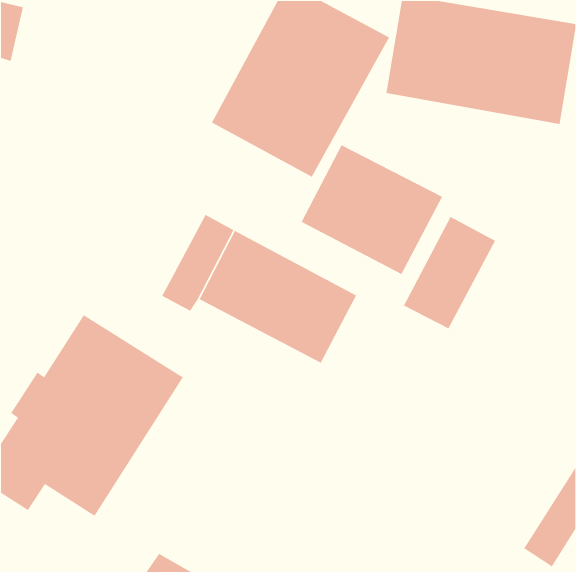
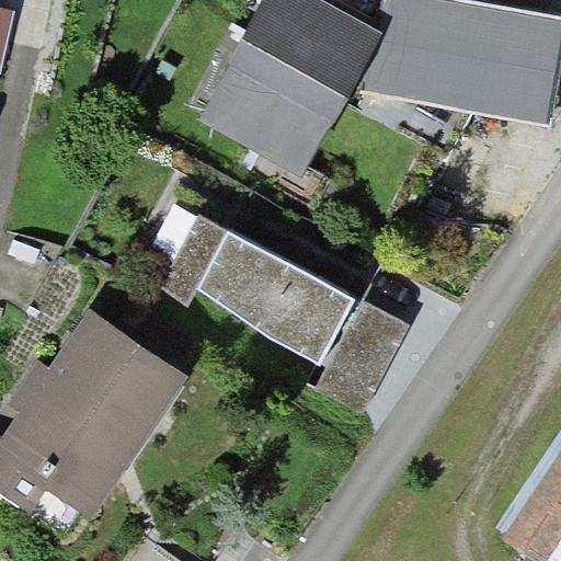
building: [300,144,443,275] -> none
building: [403,216,496,329] -> [310,302,401,413]

